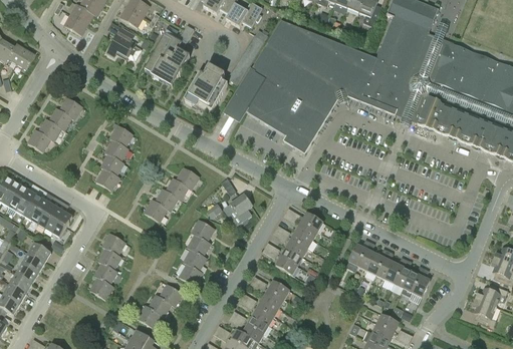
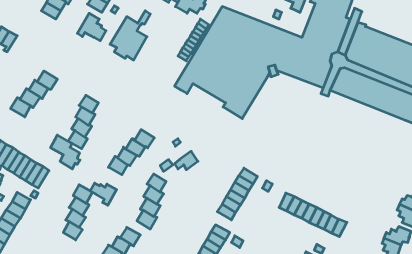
building: [183,65,227,111] -> none
building: none -> [51,135,80,169]
building: none -> [90,183,117,205]

